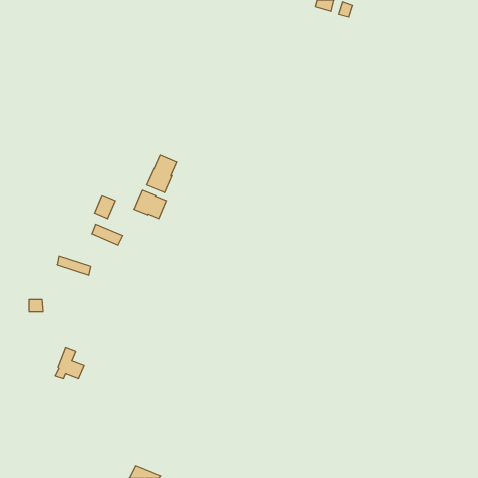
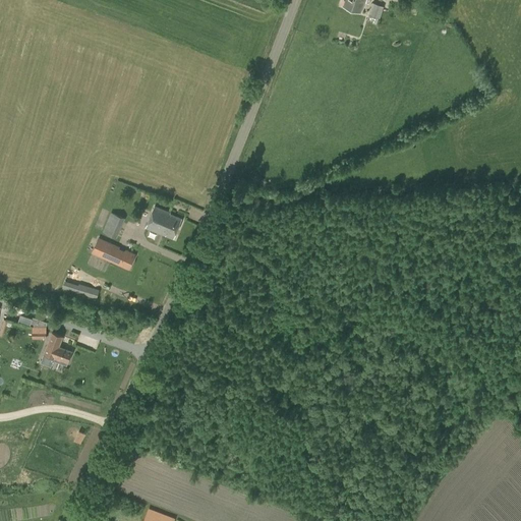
building: [147,155,177,192] -> none
building: [55,348,84,378] -> [41,332,72,365]

